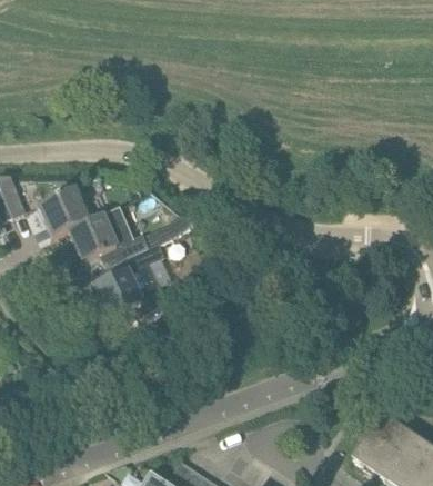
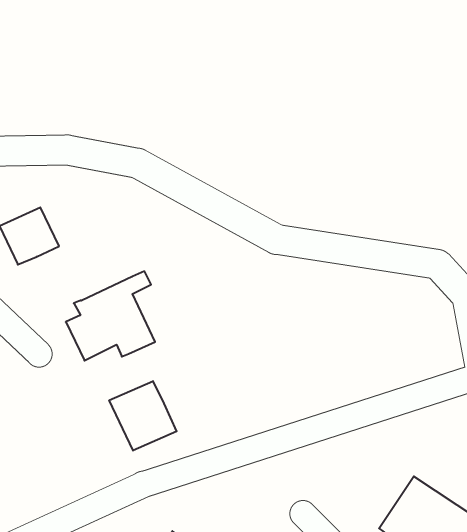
building: [69,208,149,266] -> none
building: none -> [109,381,177,451]

